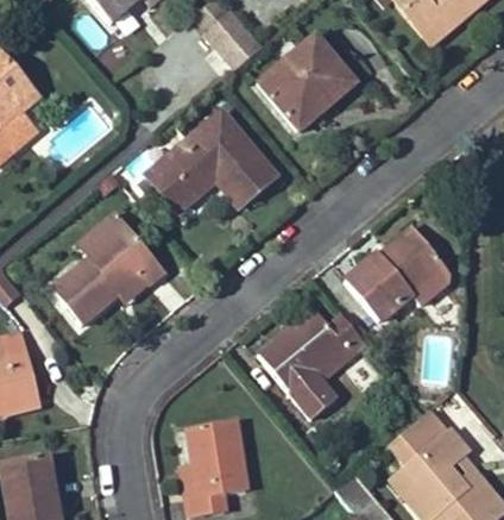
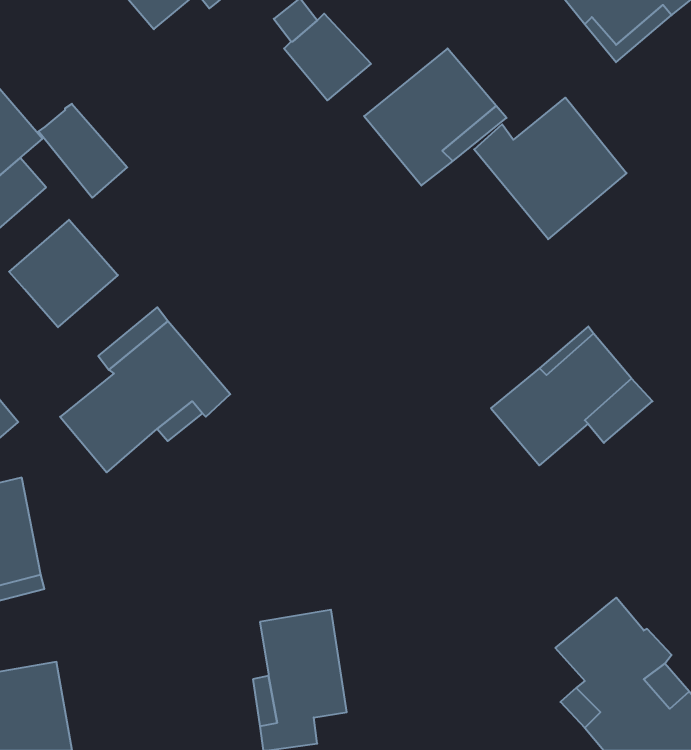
building: none -> [474,98,627,239]
building: none -> [38,104,127,198]
building: [144,113,273,212] -> none
building: none -> [9,220,118,327]
building: [259,308,365,418] -> none

